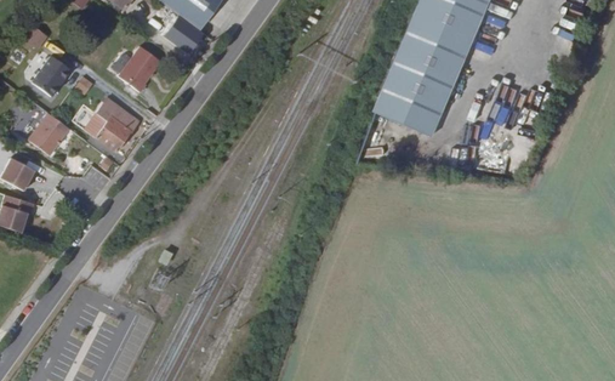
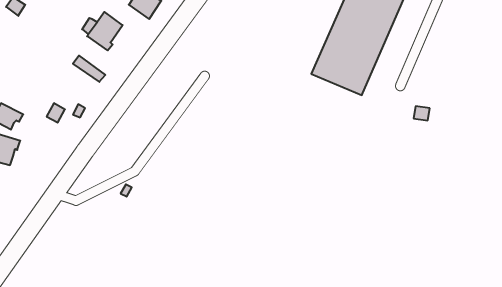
building: [27,55,66,96] -> none
building: [81,107,127,150] -> none
building: [24,113,66,155] -> none

